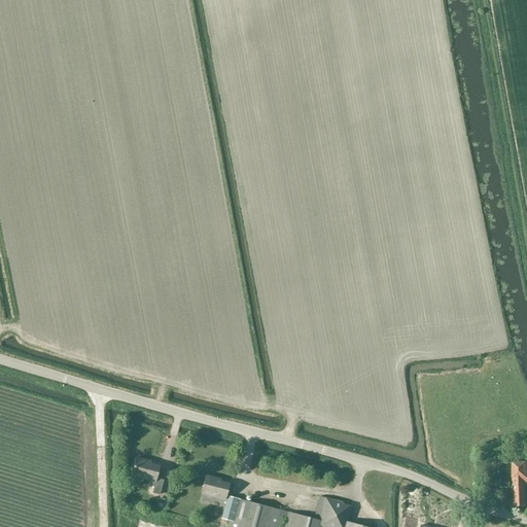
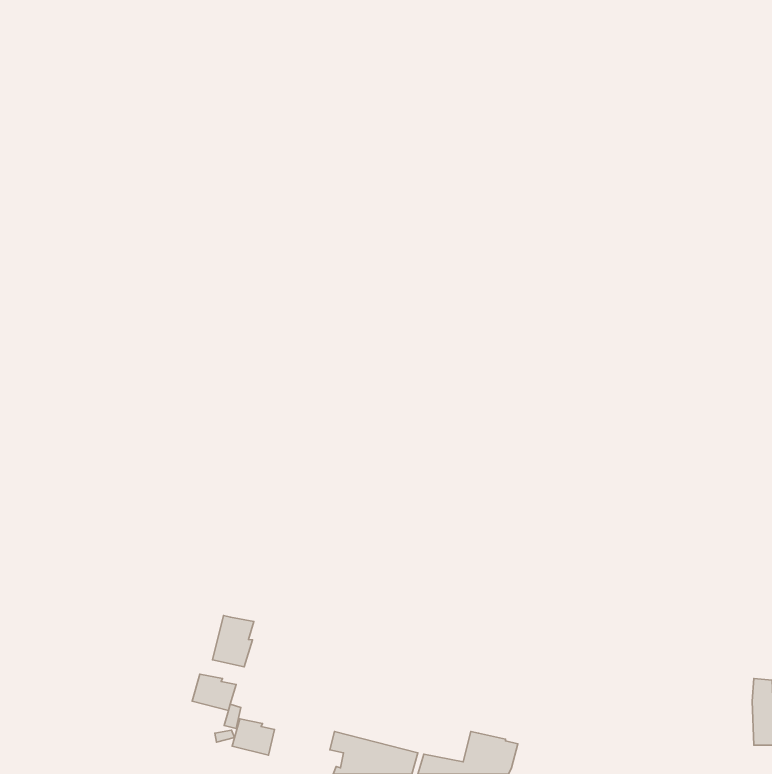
building: none -> [212,615,254,667]
building: [202,476,231,500] -> [232,719,275,755]

